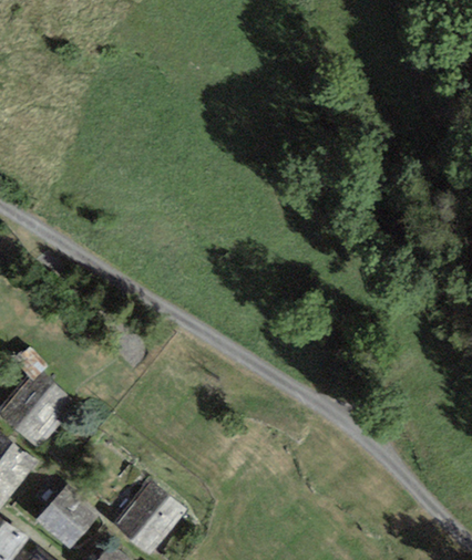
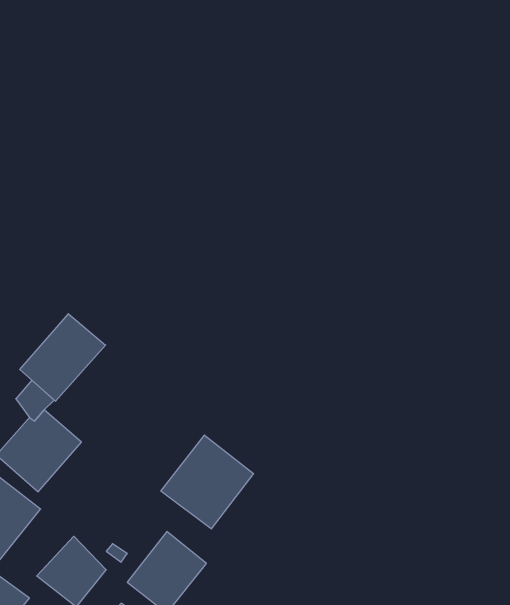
building: none -> [20,314,106,401]
building: none -> [161,435,253,529]

